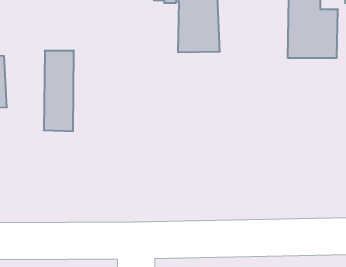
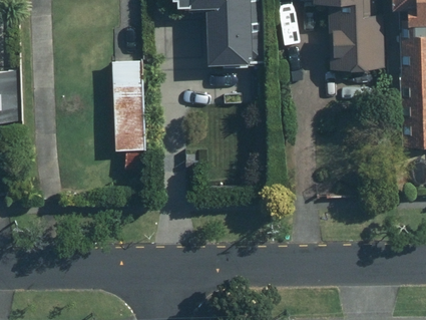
building: [44,51,74,131] -> [113,62,146,150]

